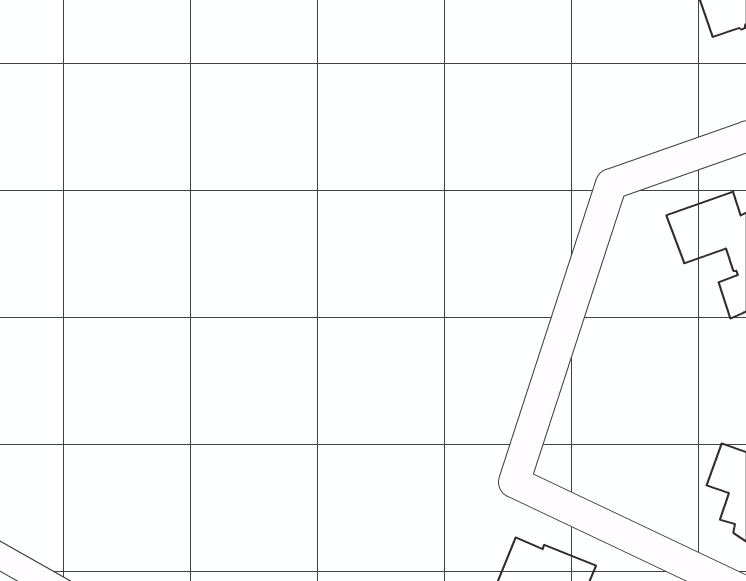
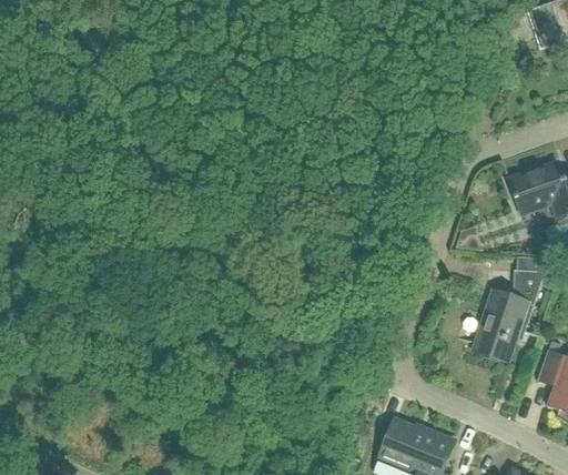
building: none -> [473,269,545,361]

